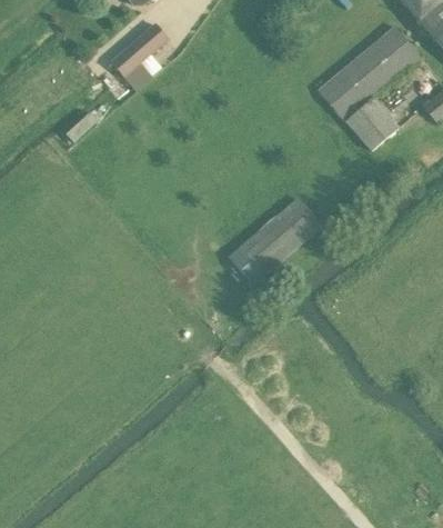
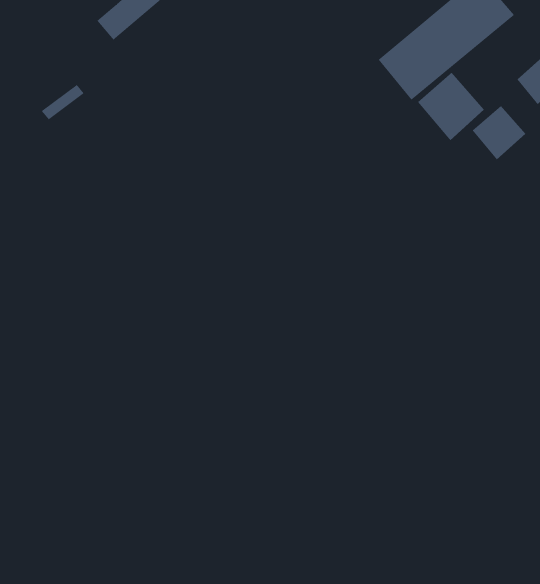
building: none -> [472,105,526,160]
building: [230,199,320,282] -> none

